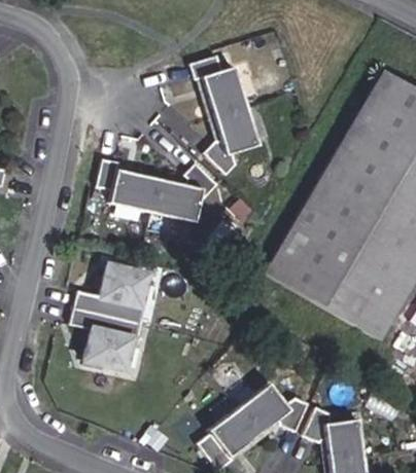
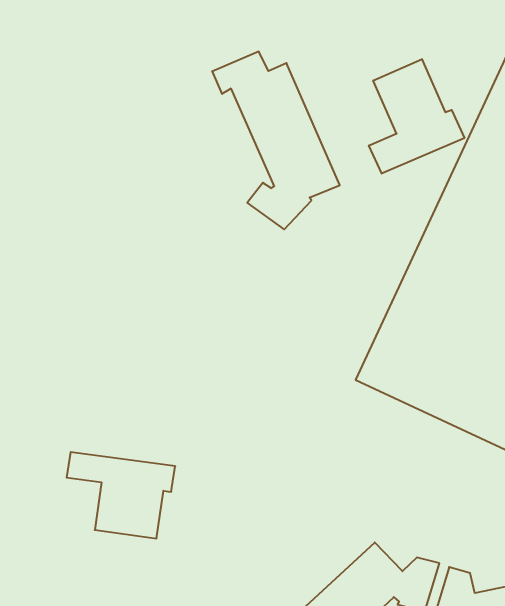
building: none -> [369,59,464,174]
building: [98,152,218,223] -> none
building: [72,264,146,322] -> none

